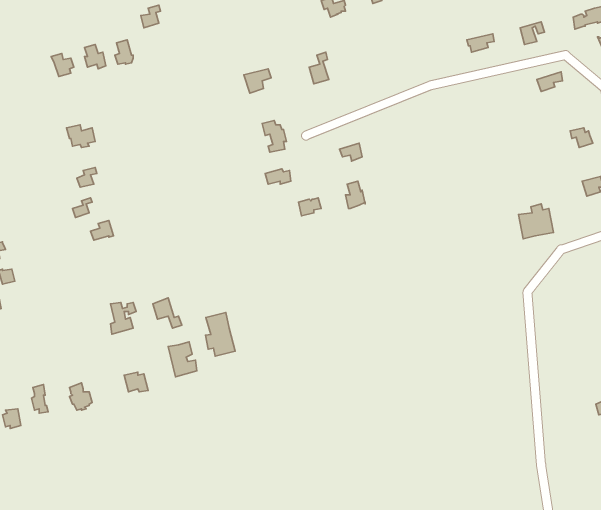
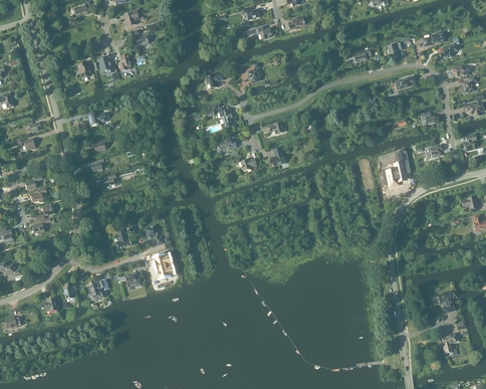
building: [206,313,235,356] -> none

